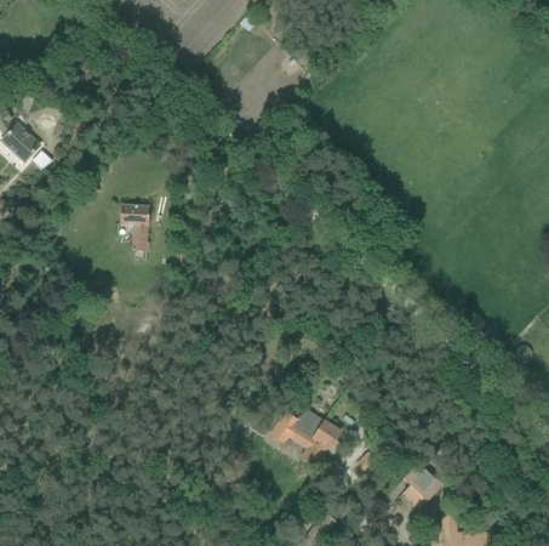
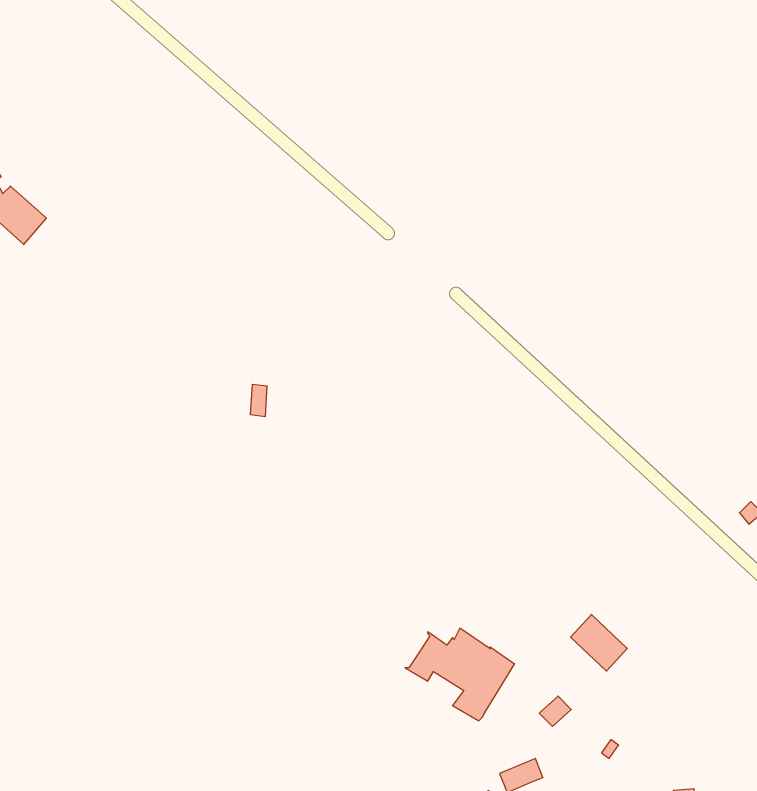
building: [120,205,148,251] -> none
building: [404,463,440,500] -> [571,614,627,671]

